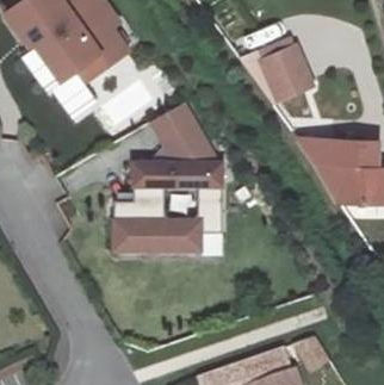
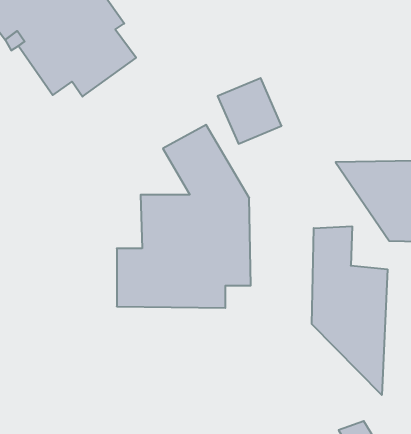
building: [256,46,308,99] -> [218,78,282,144]
building: none -> [312,226,387,395]

